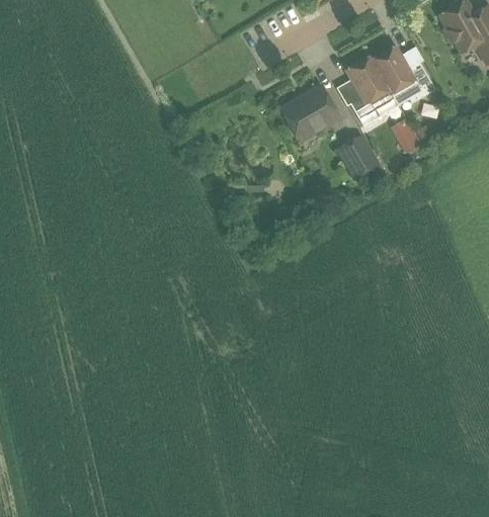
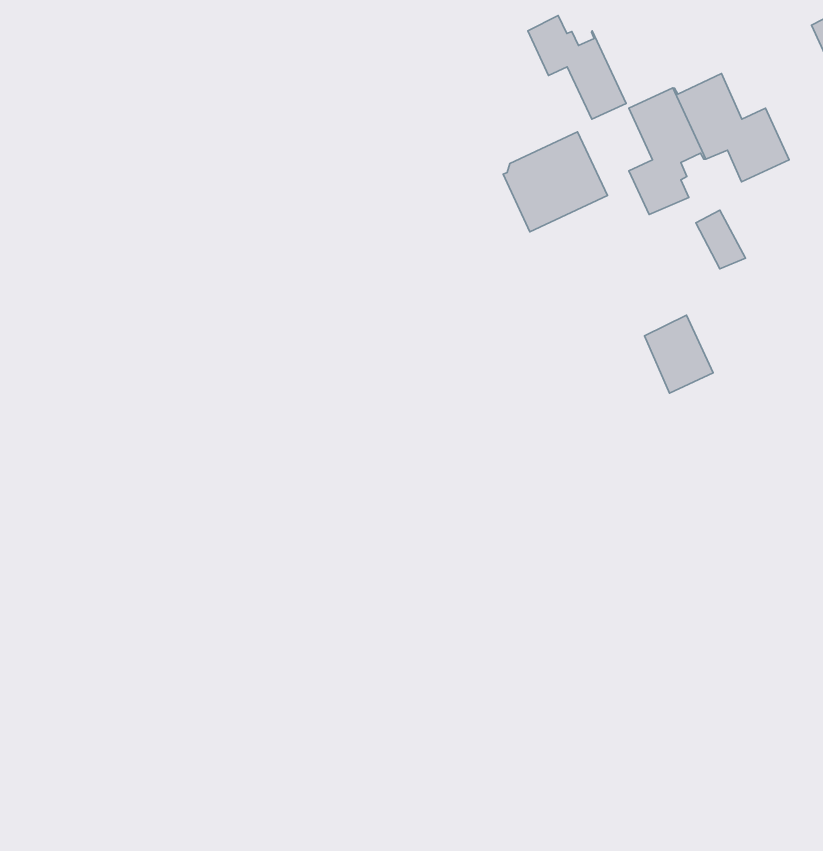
building: none -> [528,16,626,119]
building: [338,136,377,178] -> [645,315,713,393]

